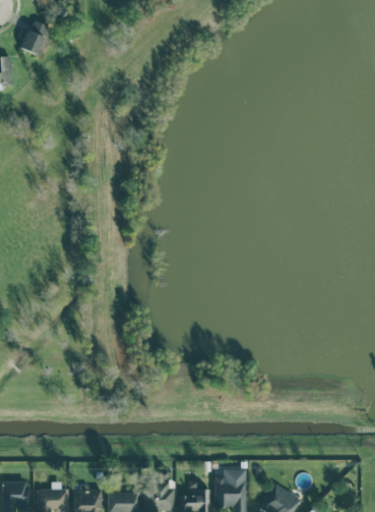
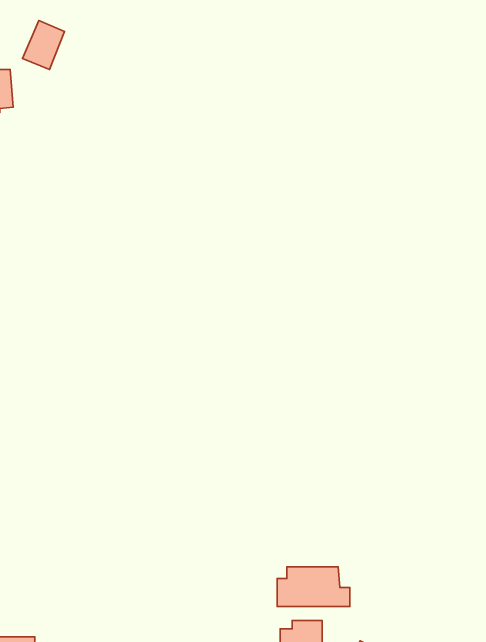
building: none -> [277,567,350,607]

